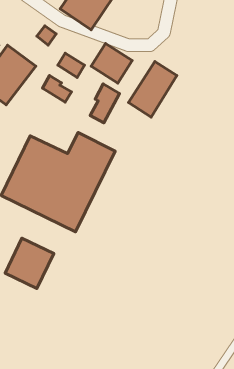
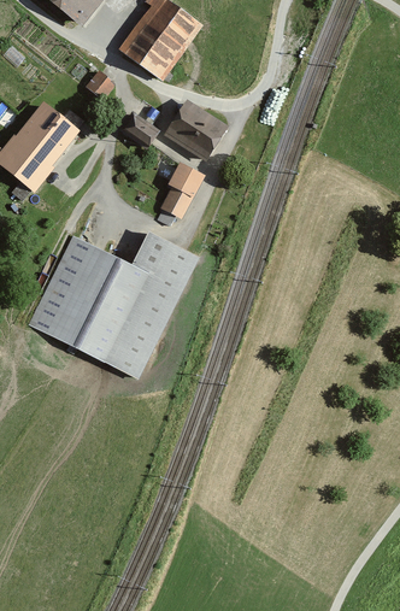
building: [128,61,177,117] -> none
building: [43,75,71,102] -> none
building: [5,238,54,288] -> none

